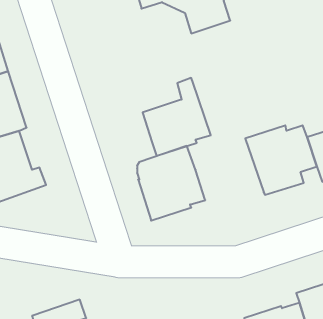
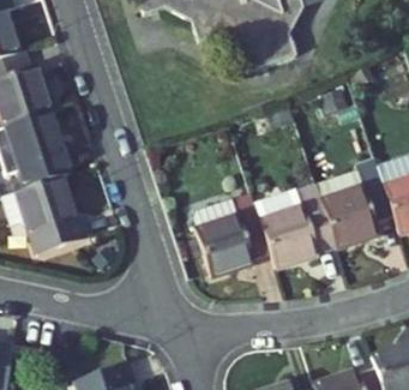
building: [143,78,211,156] -> [259,181,335,268]

